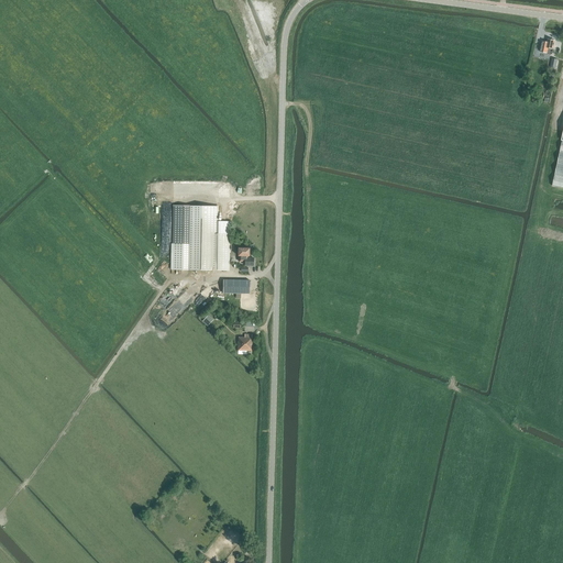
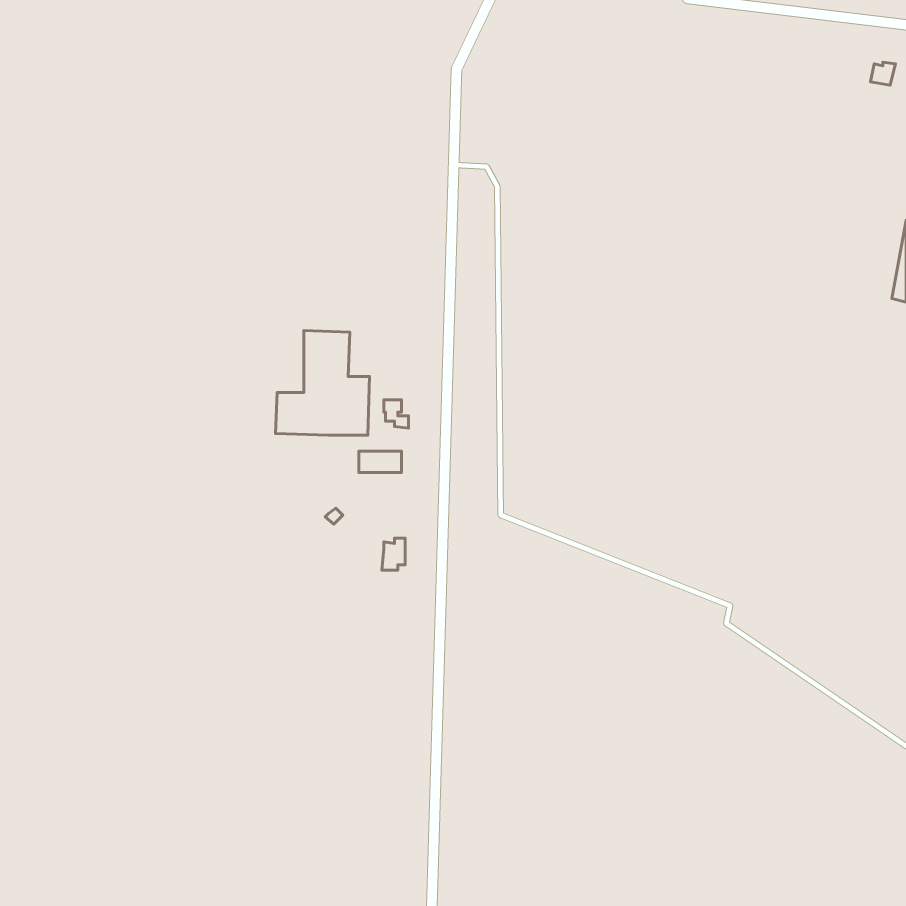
building: [172,205,188,243] -> none

